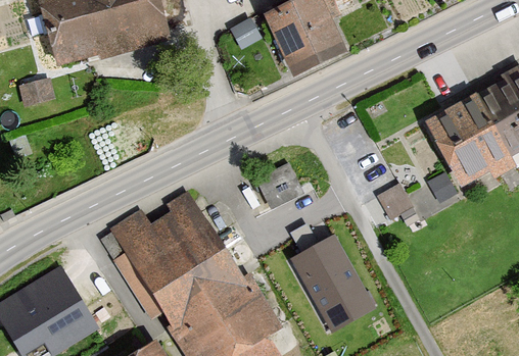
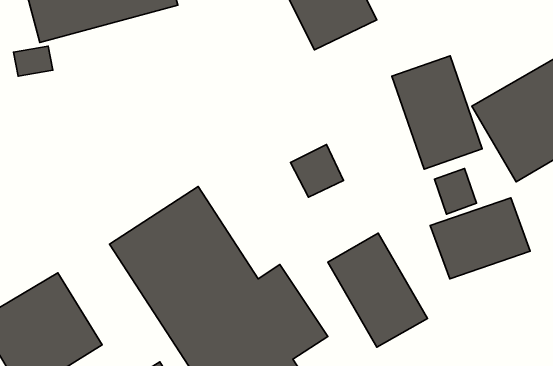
building: none -> [392,56,482,169]
building: none -> [430,198,530,279]

